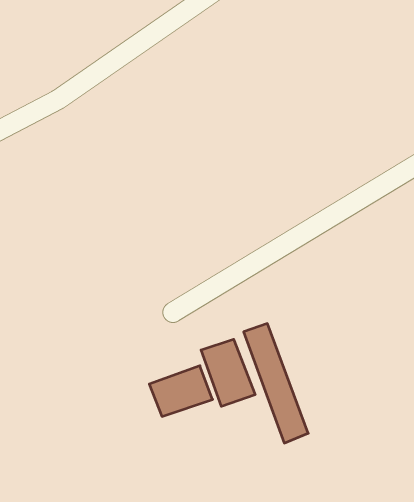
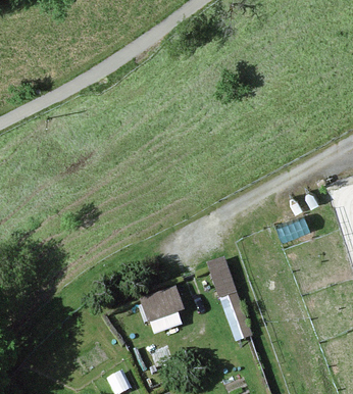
building: [201,339,255,406] -> none

